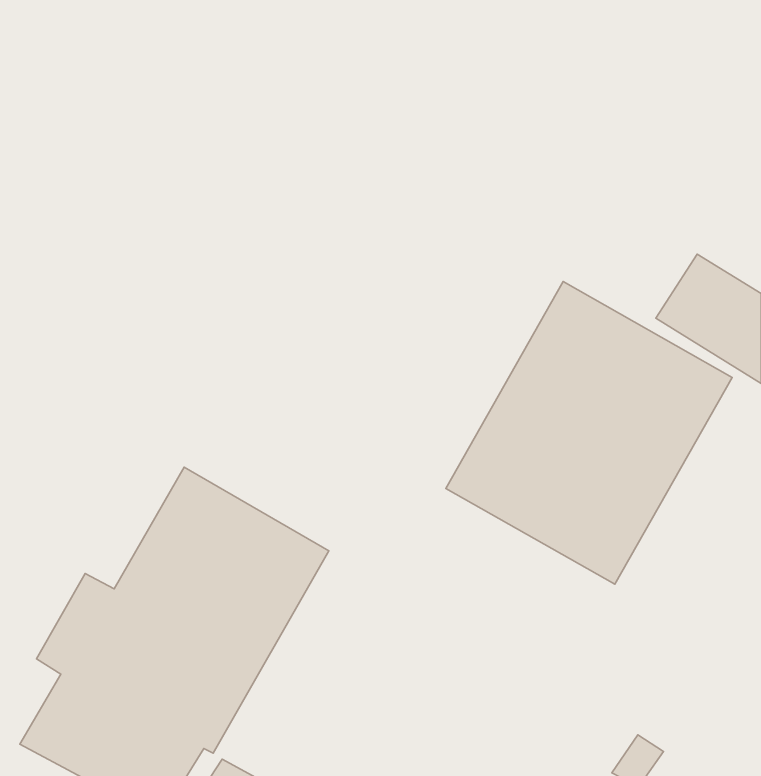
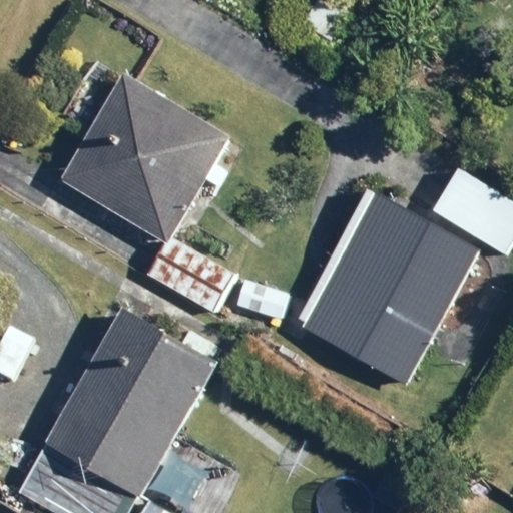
building: none -> [60,70,233,313]

